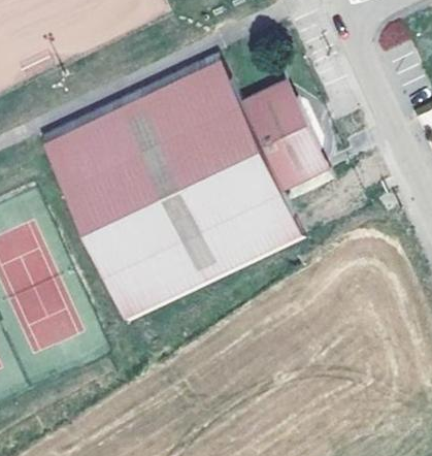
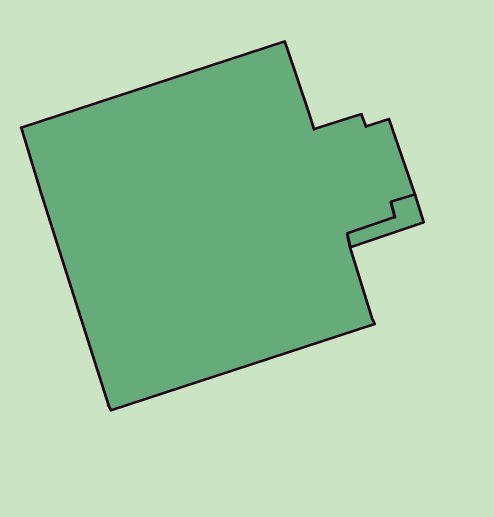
building: [240,77,297,111] -> none

